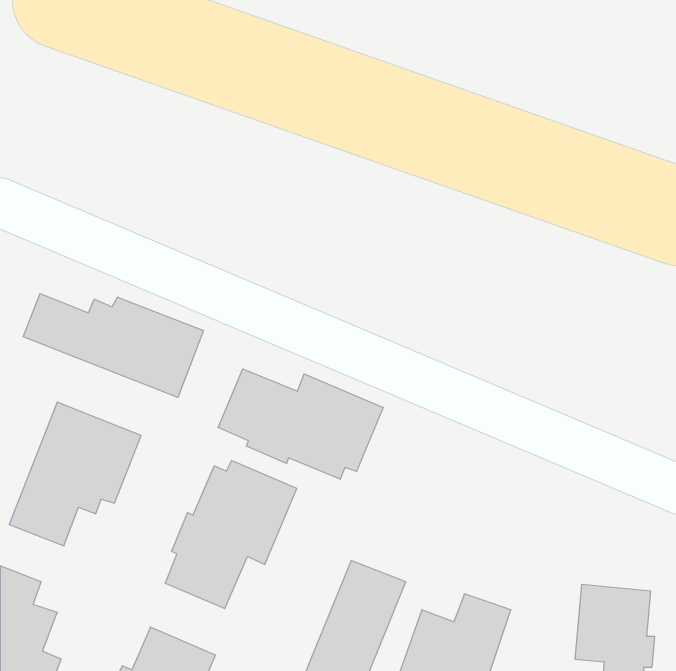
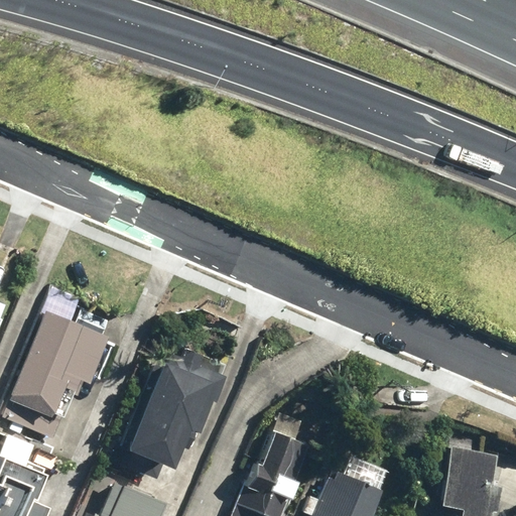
building: [23,294,204,397] -> none
building: [218,369,383,479] -> none

